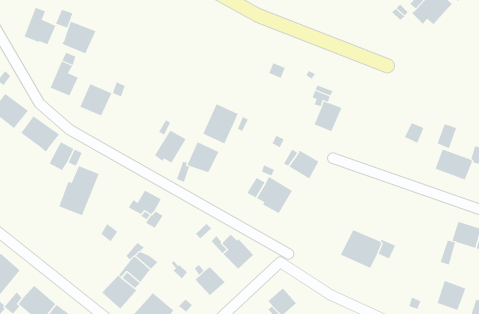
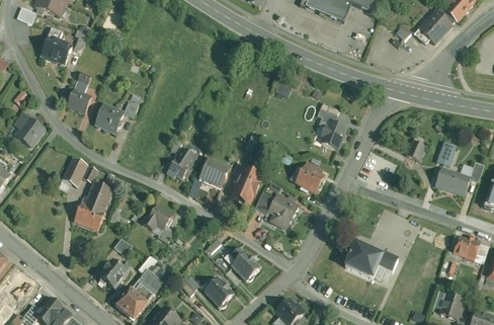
building: [62,21,96,54] -> none
building: [203,103,238,144] -> [229,166,263,206]
building: [20,115,60,152] -> none
building: none -> [99,260,128,288]

